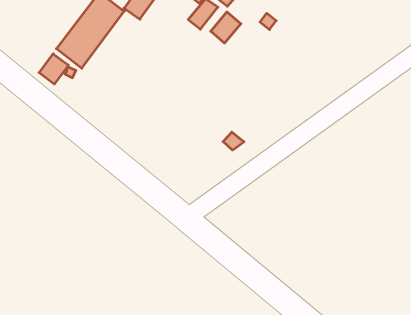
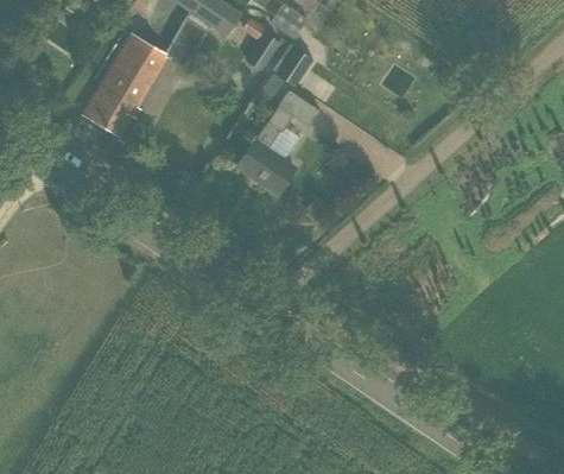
building: none -> [237,90,319,194]
building: [39,54,68,84] -> none

